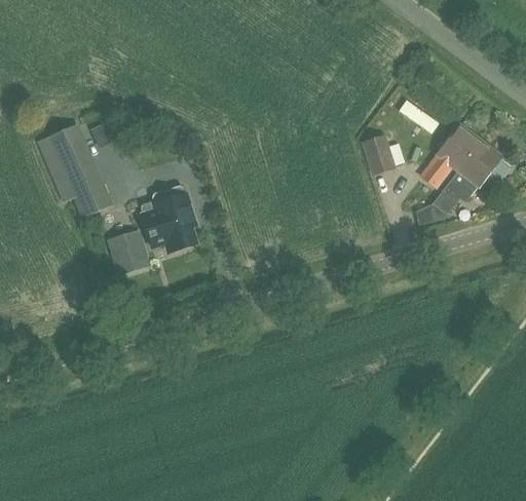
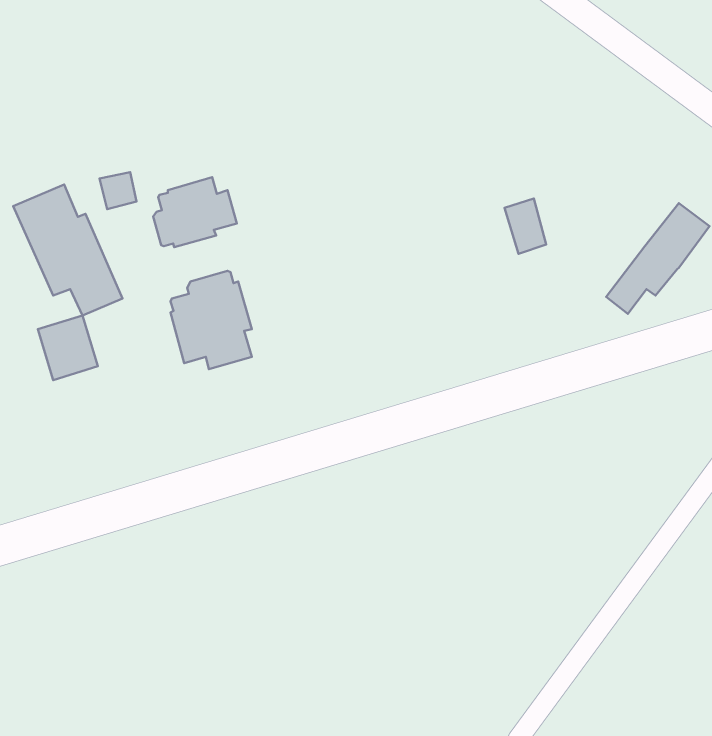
building: none -> [153,177,237,247]
building: [420,125,481,188] -> none
building: [108,231,148,274] -> [38,315,98,380]

